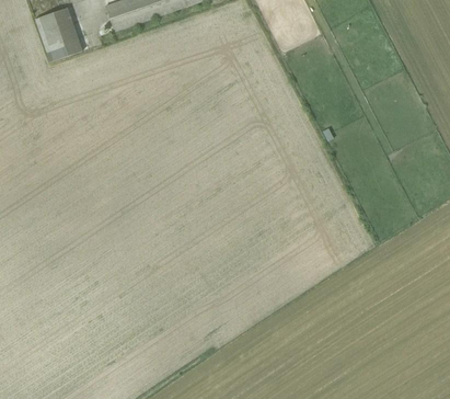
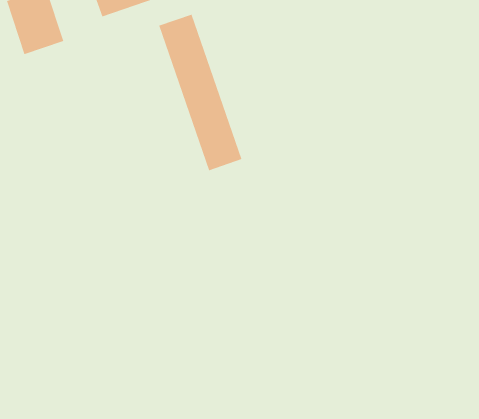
building: none -> [158,14,242,171]

